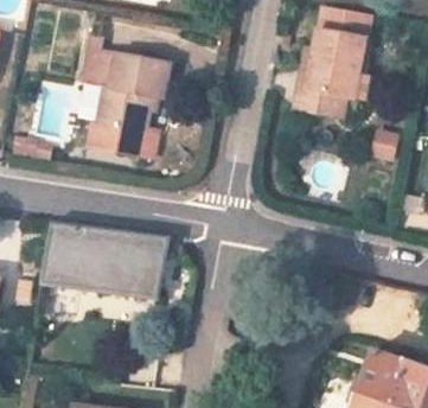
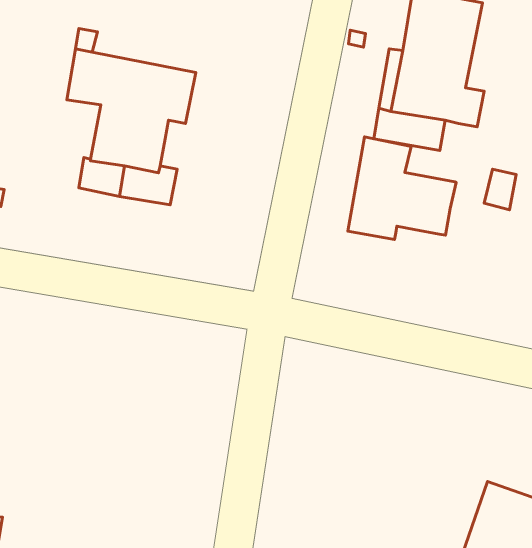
building: none -> [348,137,456,240]
building: [40,222,170,299] -> none

